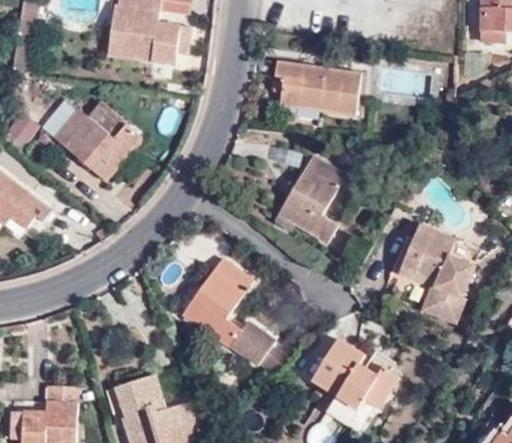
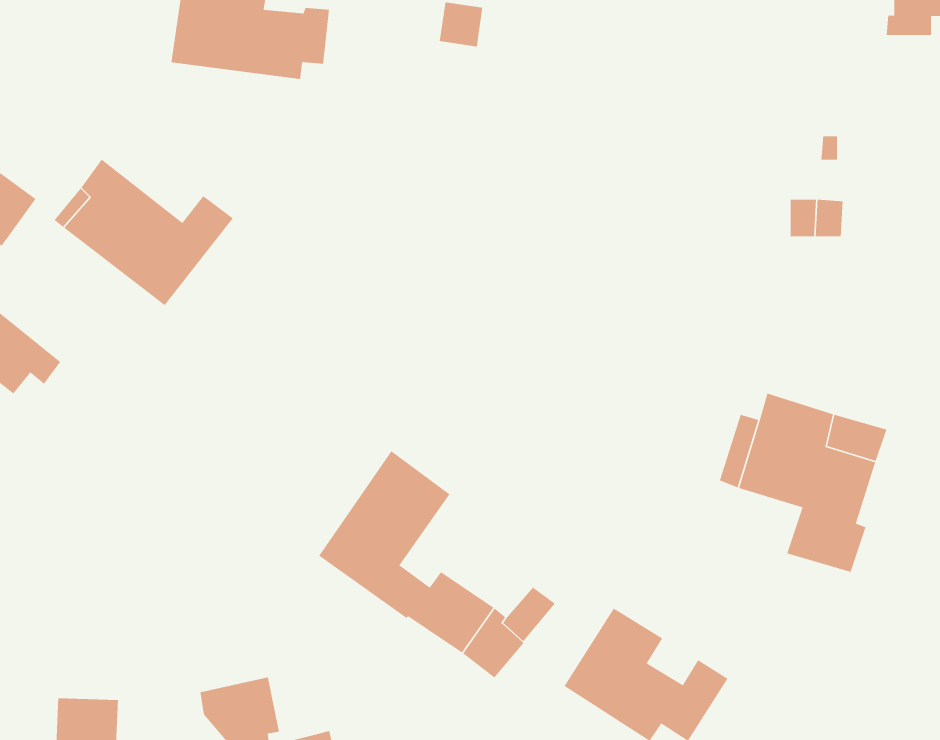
building: [272,62,360,115] -> none
building: [277,156,343,241] -> none

